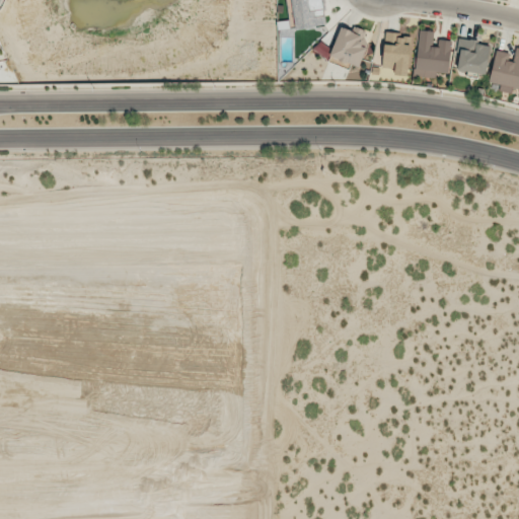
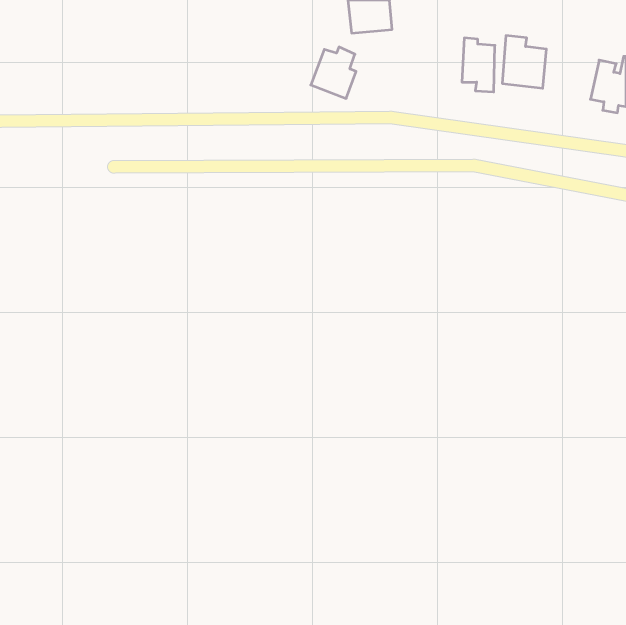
building: [329,26,367,69] -> [311,47,356,98]
building: [457,40,489,74] -> none

